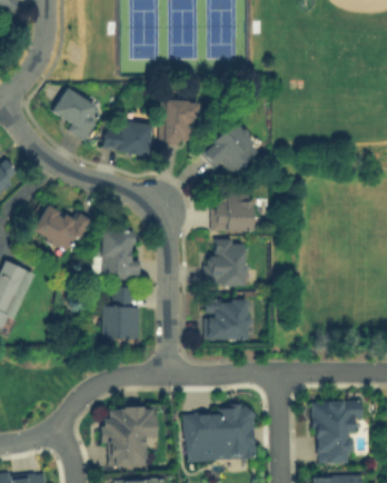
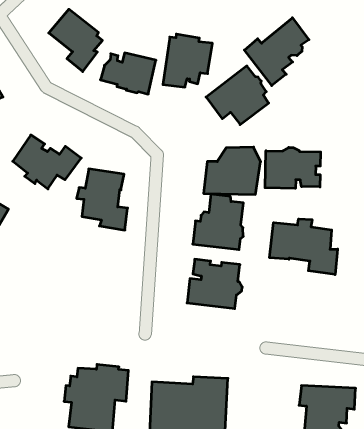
building: none -> [244,18,309,86]
building: none -> [265,147,321,188]
building: none -> [270,219,338,275]
building: [100,287,132,339] -> none

